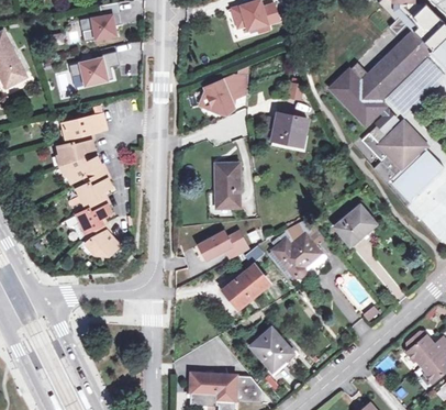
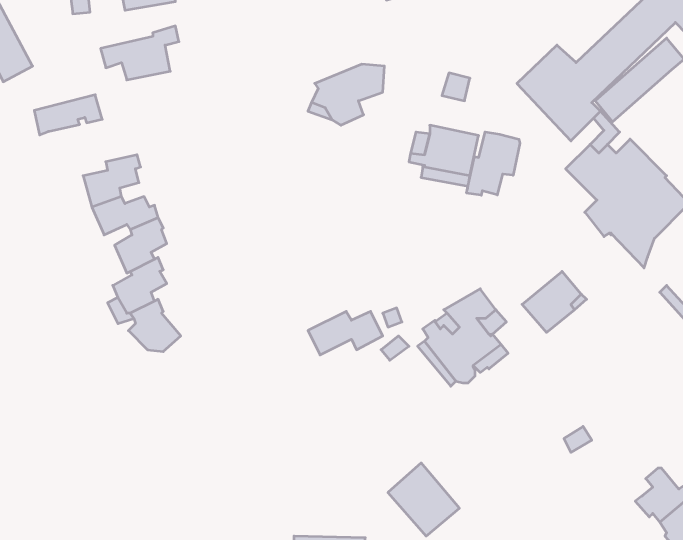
building: [64,113,107,138] -> [34,95,102,135]
building: none -> [467,132,520,195]
building: [216,163,239,207] -> none
building: [224,264,269,308] -> none

